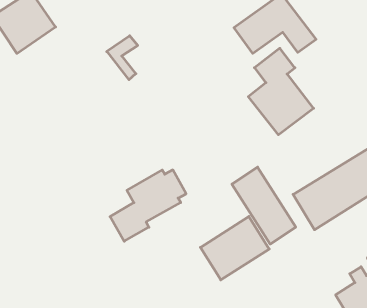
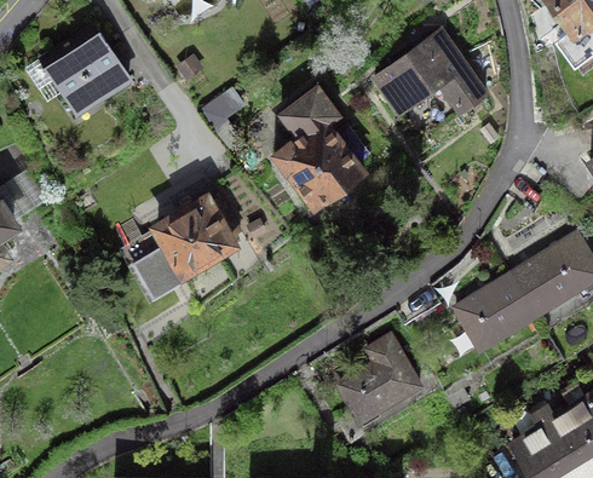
building: [248,48,314,135] -> [274,88,363,207]
building: [232,167,296,244] -> none
building: [110,170,186,241] -> [134,200,238,298]

